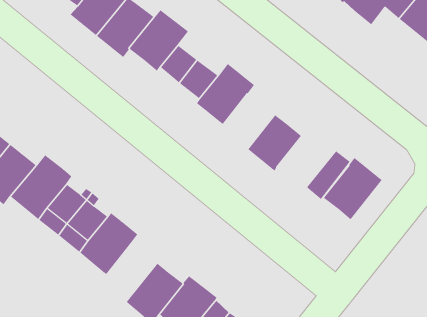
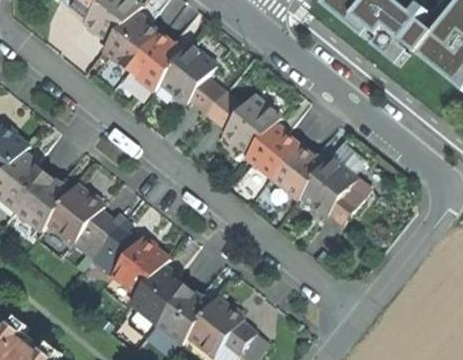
building: none -> [246,125,299,178]
building: [324,157,382,220] -> [301,157,357,217]
building: none -> [132,267,187,323]

